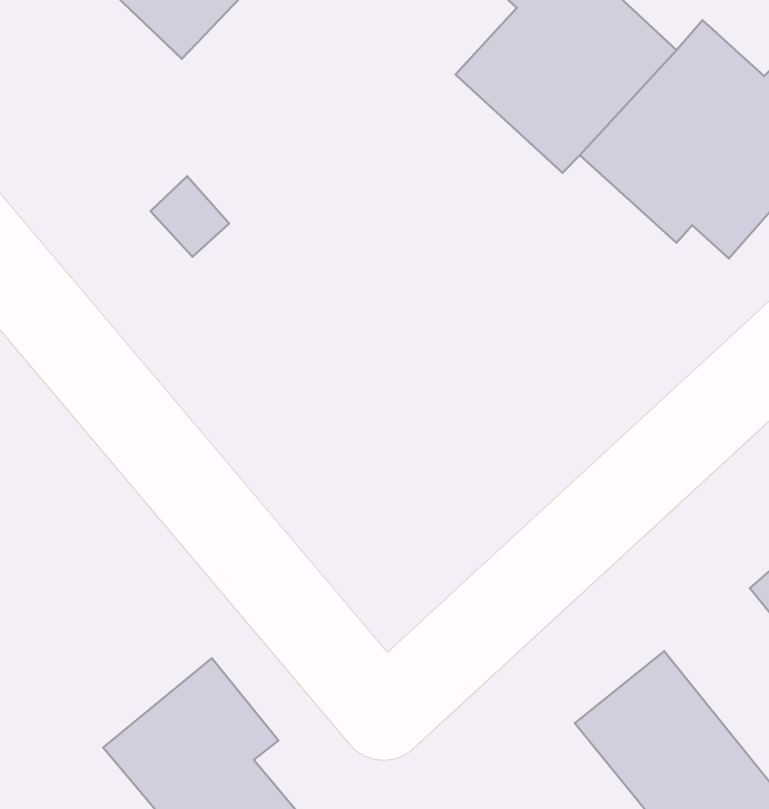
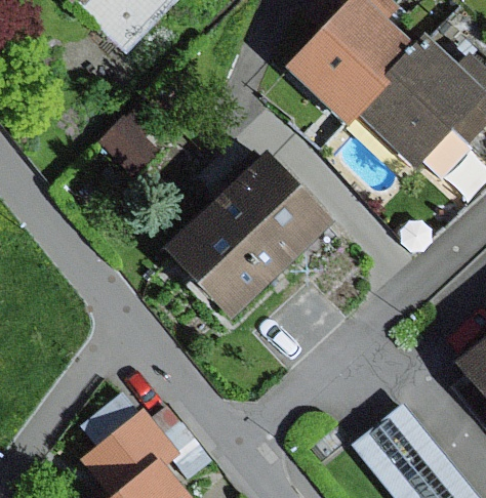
building: none -> [160,152,332,321]

